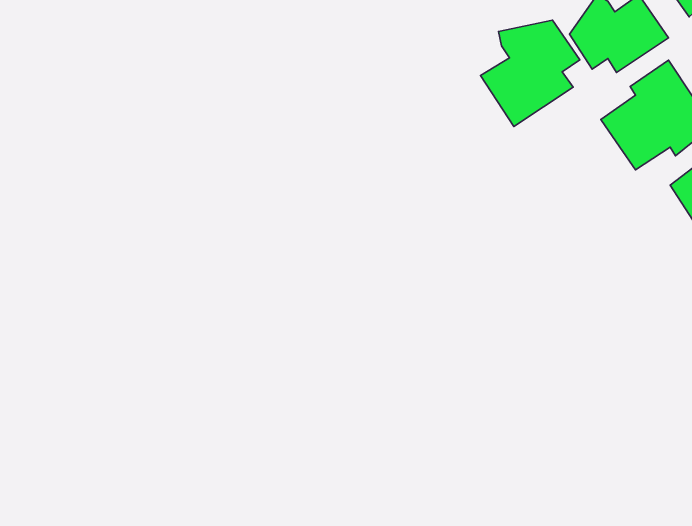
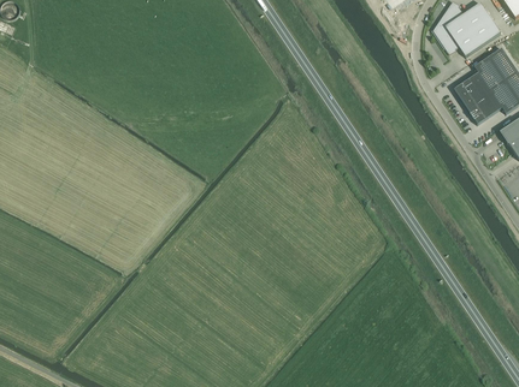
building: [481,20,580,127] -> none

